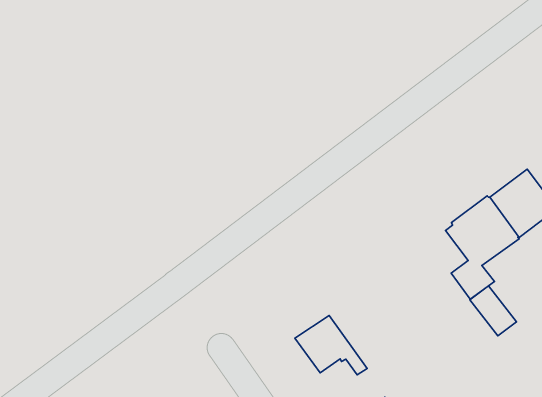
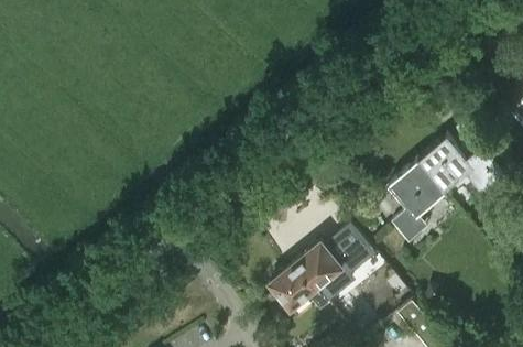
building: [470,286,516,336] -> [335,229,373,269]
building: none -> [295,245,341,306]

